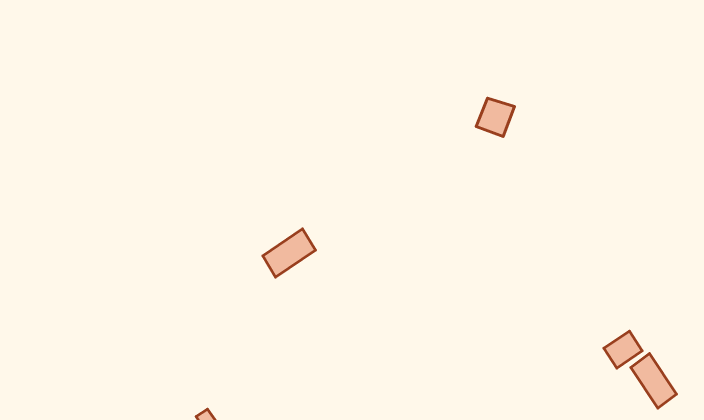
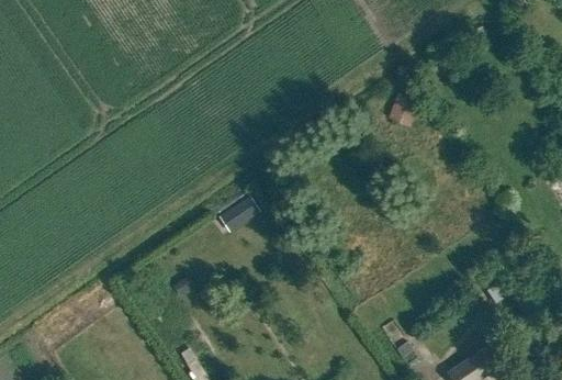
building: [631,353,677,408] -> none

